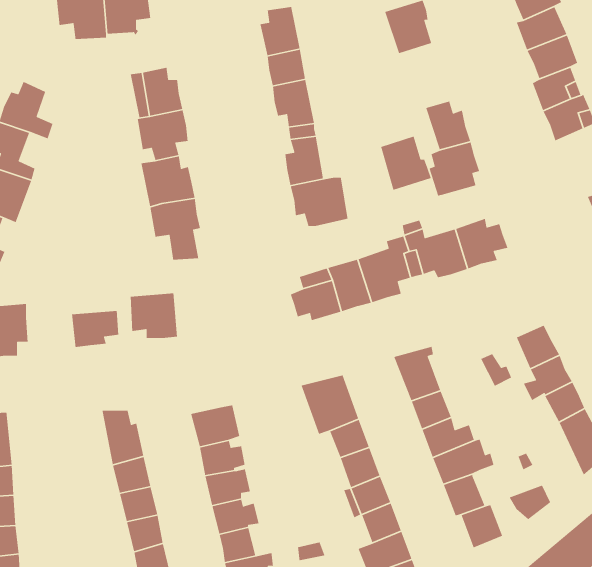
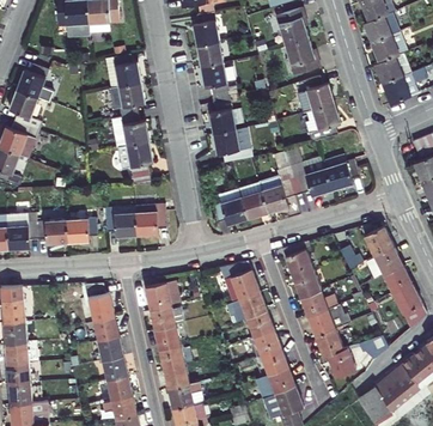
building: [380,136,432,191] -> [285,38,319,75]
building: none -> [134,205,165,236]
building: none -> [35,220,67,244]

